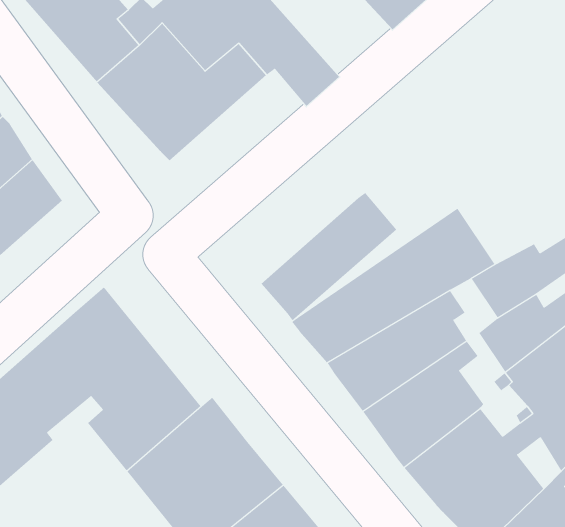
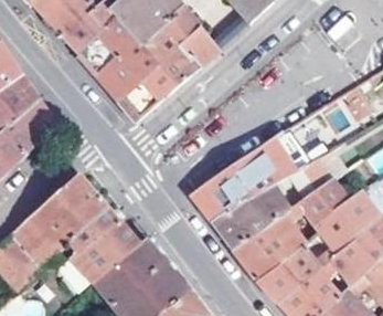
building: [261,192,397,321] -> [119,45,200,122]

